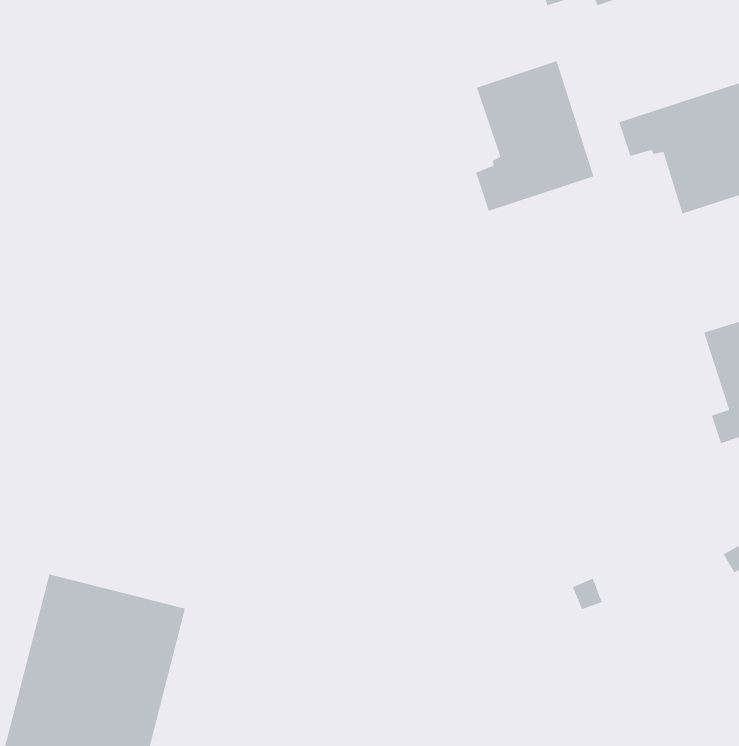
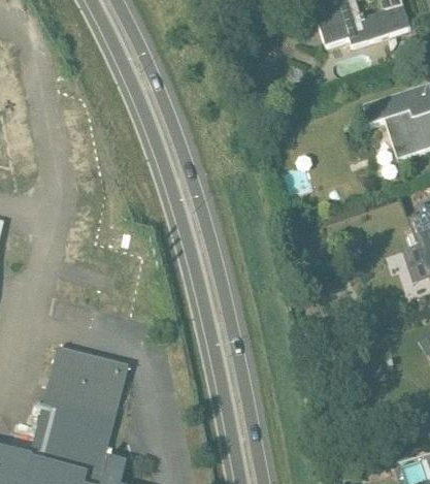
building: [475,60,594,212] -> none

